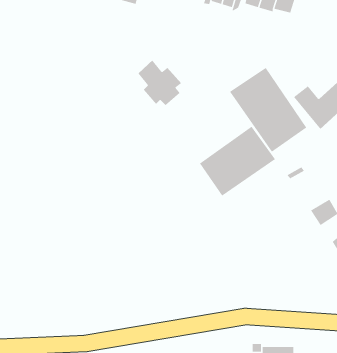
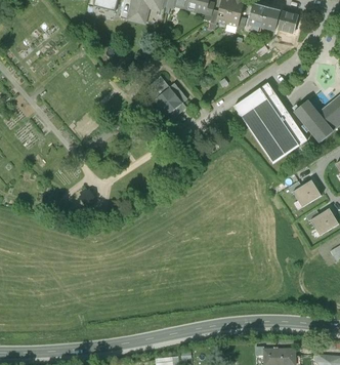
building: [199,126,276,197] -> none
building: none -> [294,180,322,206]

